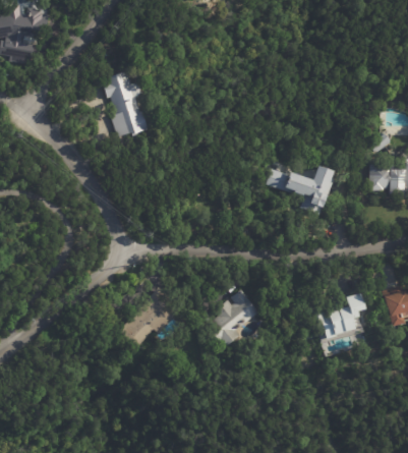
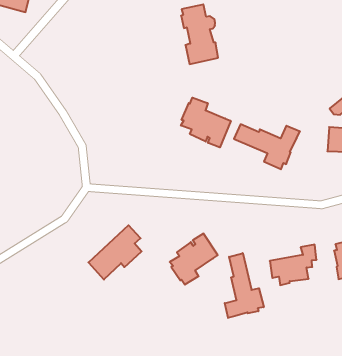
building: [97,69,140,135] -> [181,4,218,64]
building: none -> [181,98,231,147]
building: none -> [225,253,264,318]

